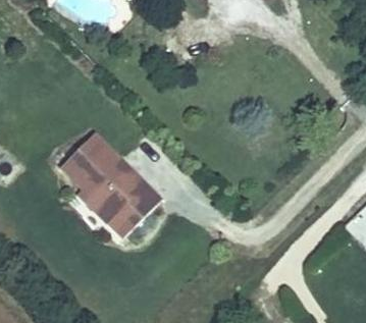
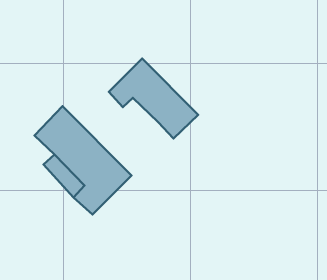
building: none -> [109,59,198,139]

